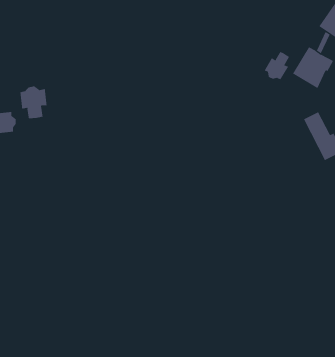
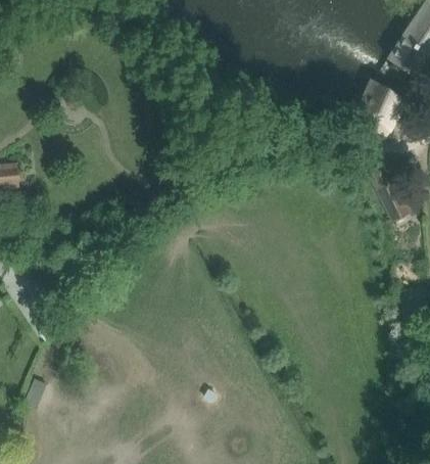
building: [264,51,290,80] -> none
building: [20,85,47,119] -> none

